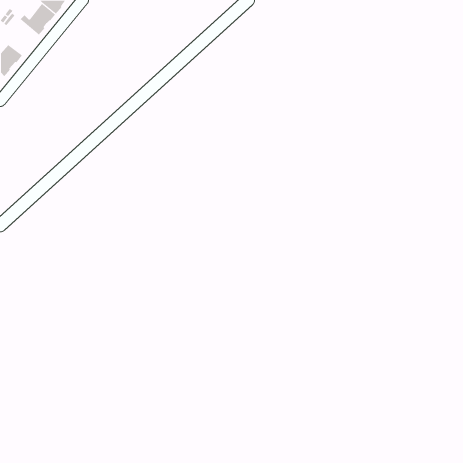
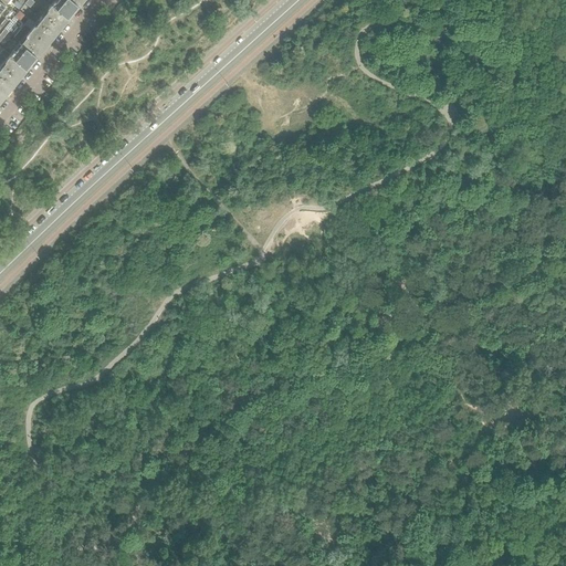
building: none -> [11,24,49,69]

